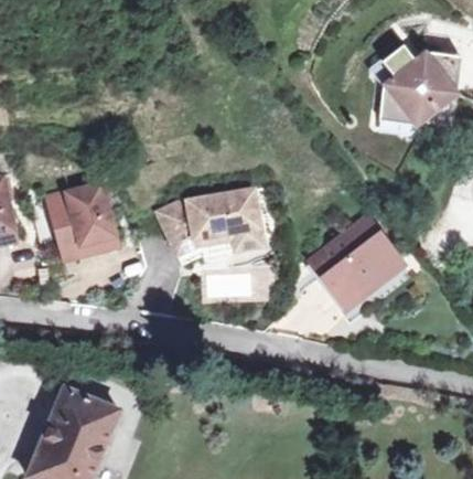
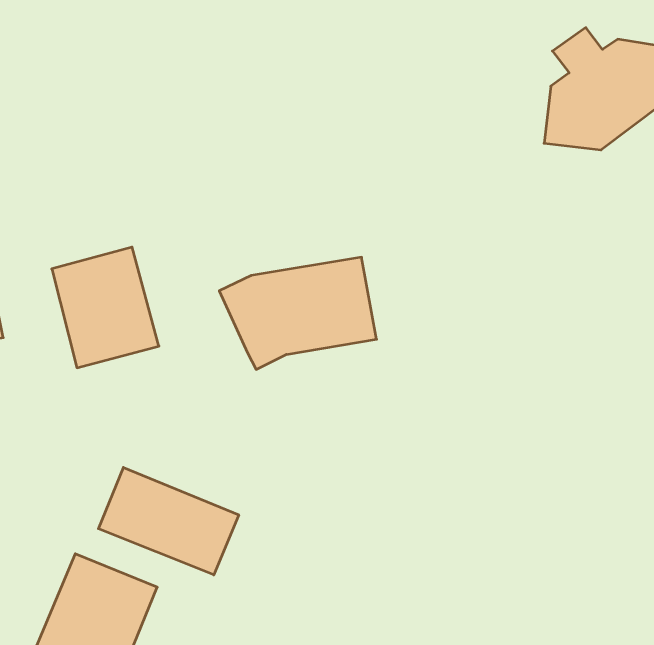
building: [312,217,401,304] -> none
building: none -> [98,467,239,575]

